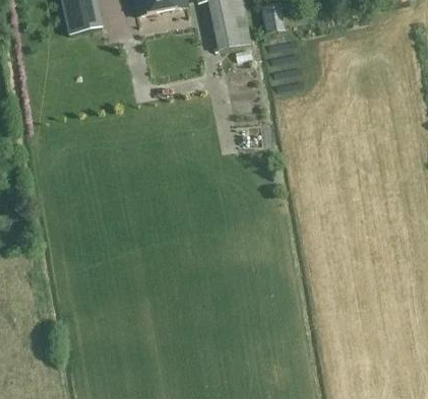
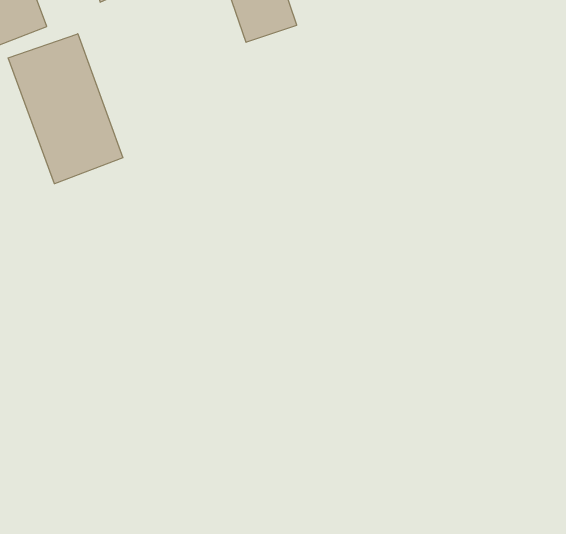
building: none -> [8,34,123,184]

